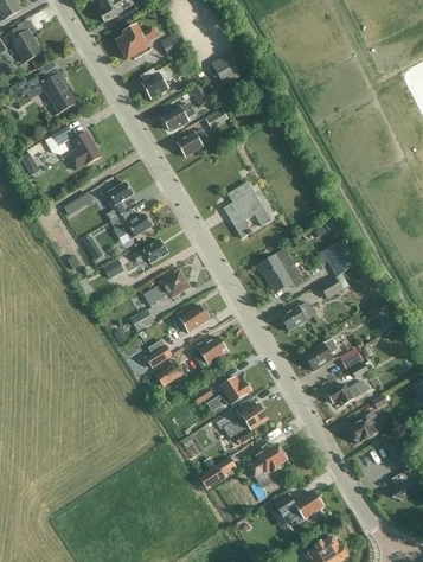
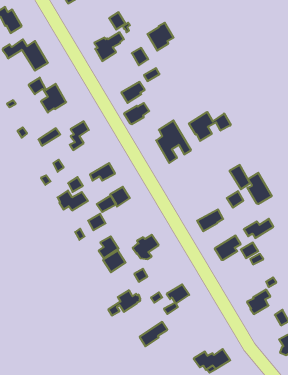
building: [116,24,159,59] -> none
building: [161,102,196,130] -> [124,103,149,124]
building: none -> [189,112,231,141]
building: [111,211,153,238] -> [57,190,88,210]
building: [256,248,294,290] -> none
building: none -> [247,173,272,204]
building: [171,304,209,332] -> none
building: [207,376,251,410] -> [108,290,140,315]
building: [327,378,367,404] -> [244,219,273,238]
building: [249,443,287,475] -> none

